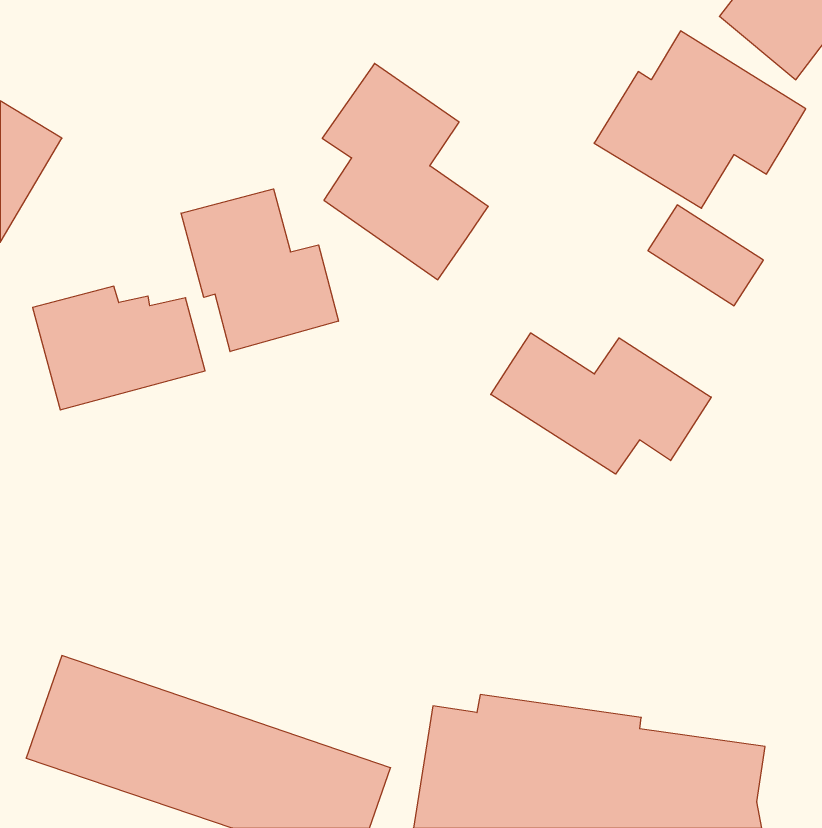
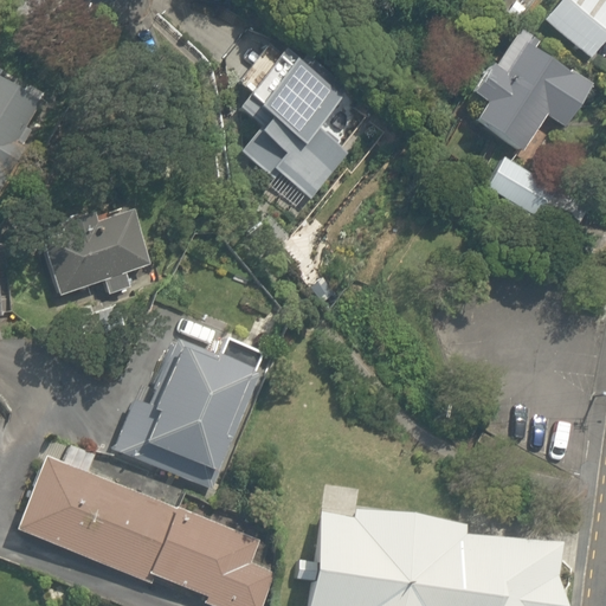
building: [181,189,338,352] -> none
building: [491,333,711,474] -> none
building: none -> [135,340,264,492]

